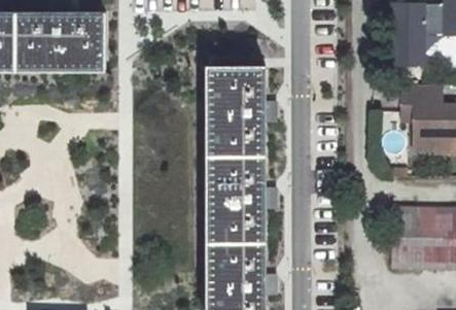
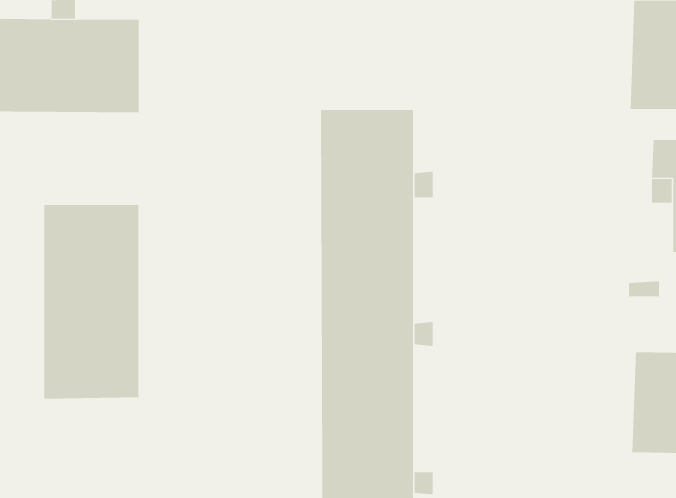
building: none -> [44,204,139,400]

